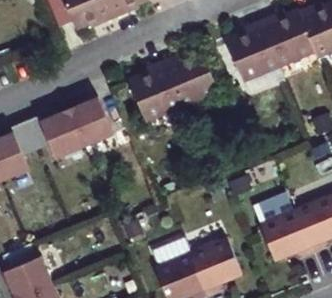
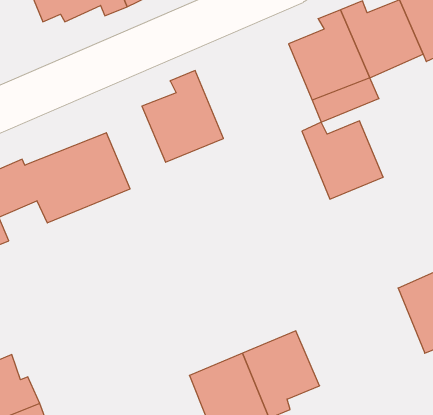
building: [161,52,216,105] -> [302,121,383,199]
building: [261,206,316,258] -> none

